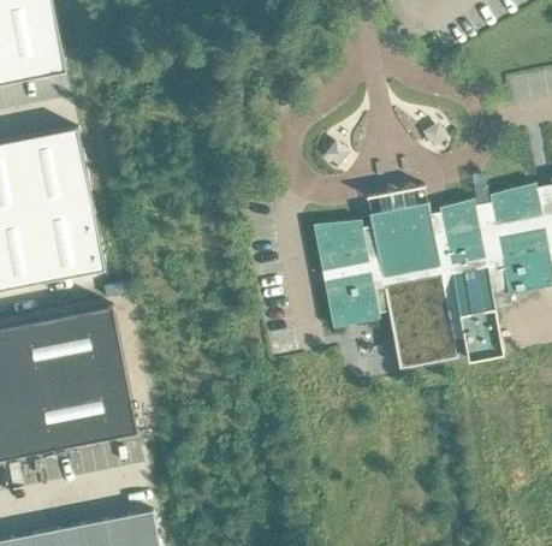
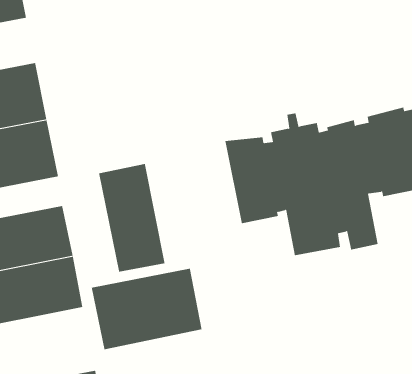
building: none -> [98,163,165,273]
building: none -> [91,268,202,350]

